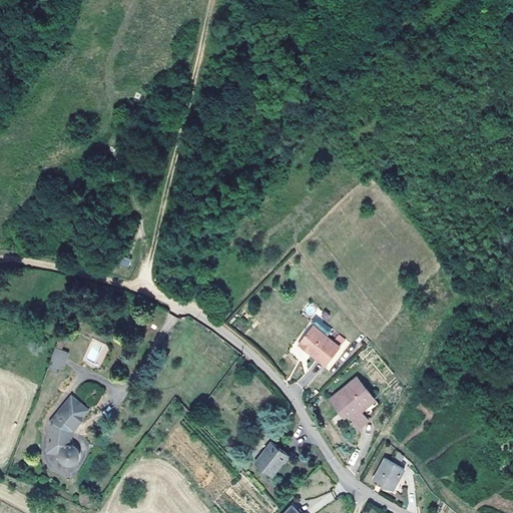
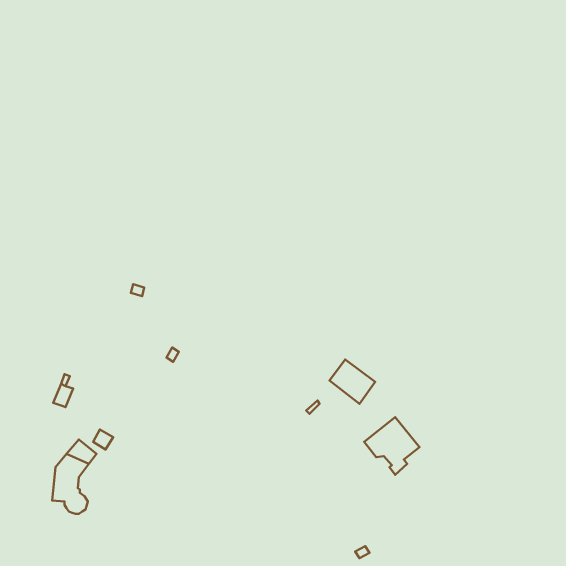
building: [254,441,289,476] -> none
building: [373,452,404,491] -> none

